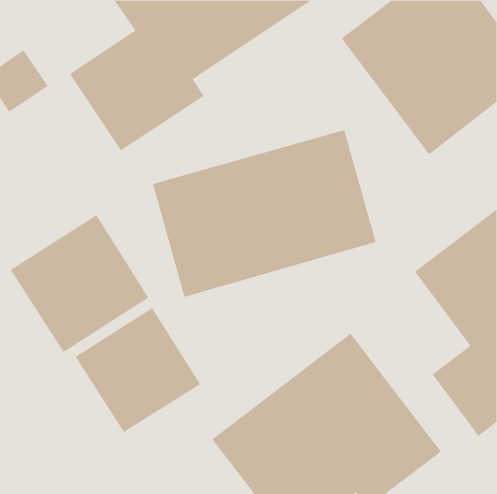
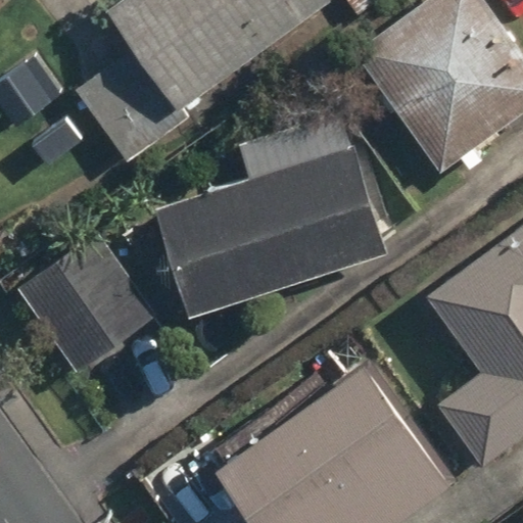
building: [75,307,201,433] -> none

